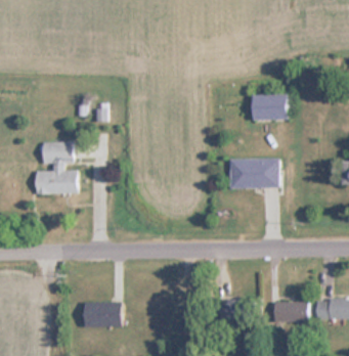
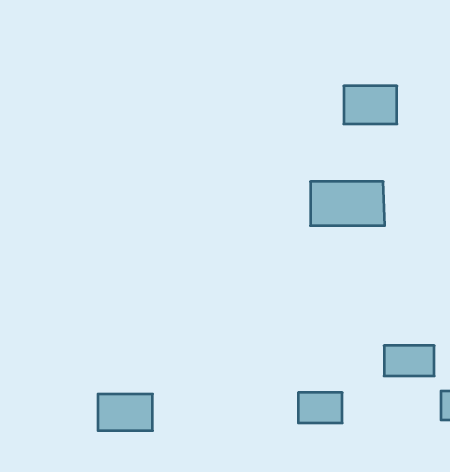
building: [36,141,78,193] -> none
building: [274,302,308,322] -> [384,346,434,376]

